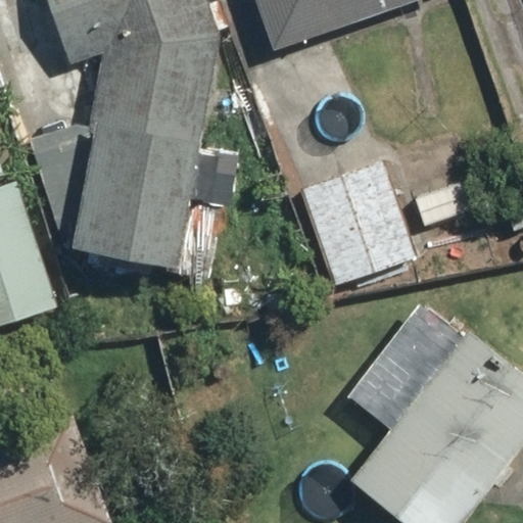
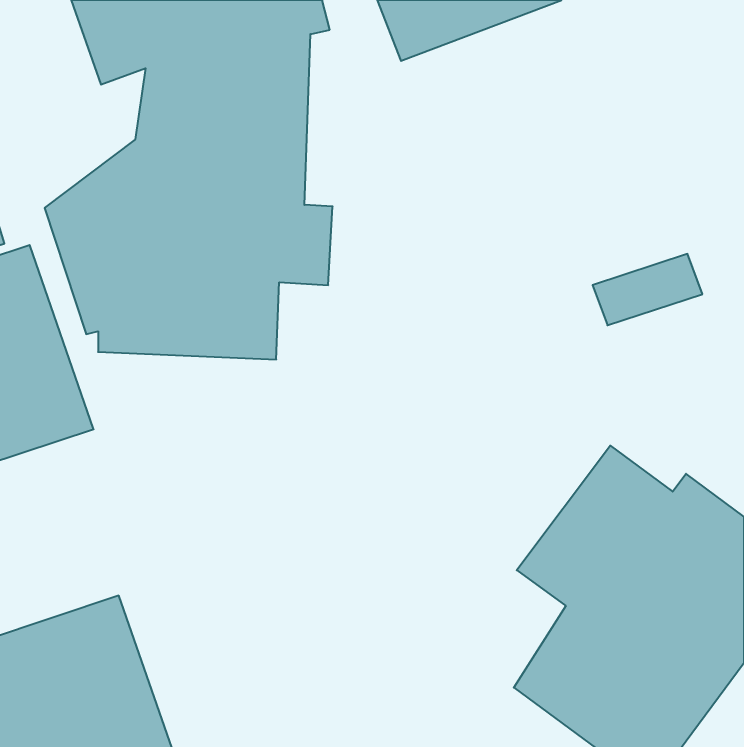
building: [298,162,413,286] -> none

